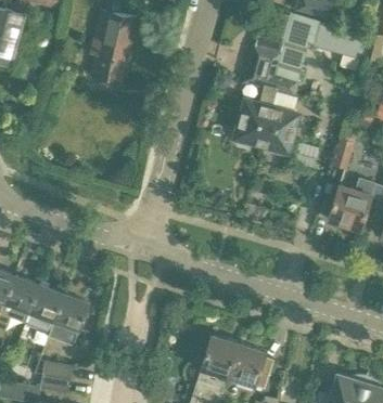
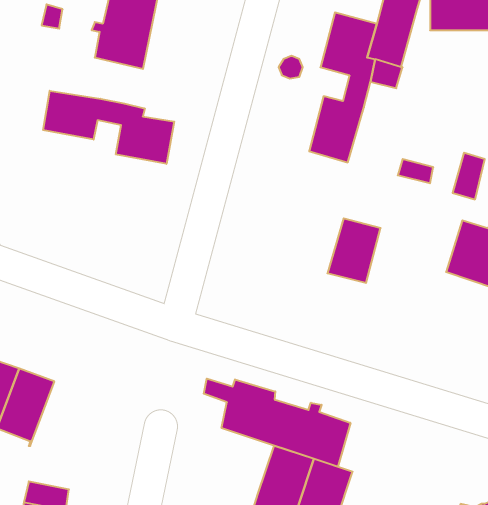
building: none -> [43,91,174,164]
building: [261,107,297,151] -> [327,218,381,283]
building: none -> [204,379,350,467]
building: [48,291,88,343] -> none

